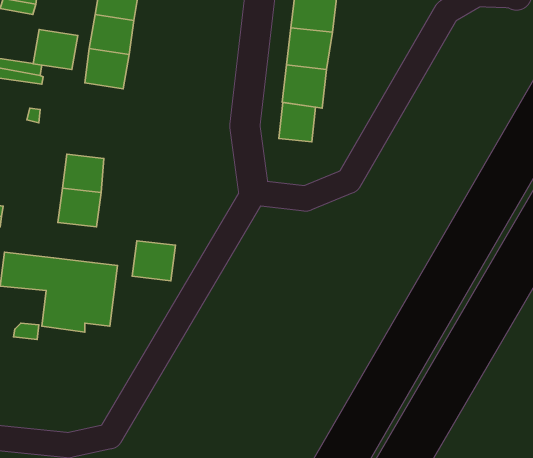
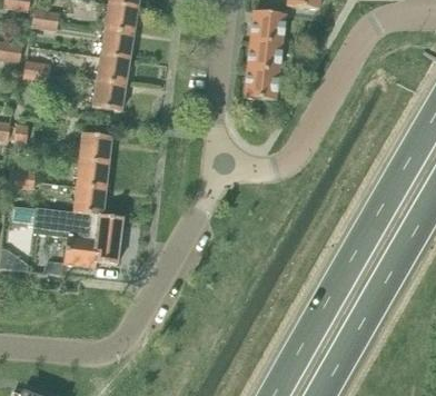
building: [33,30,78,70] -> [92,80,126,110]
building: [279,102,316,142] -> none
building: [132,241,175,281] -> [73,185,106,215]

